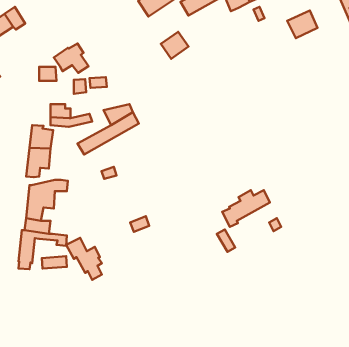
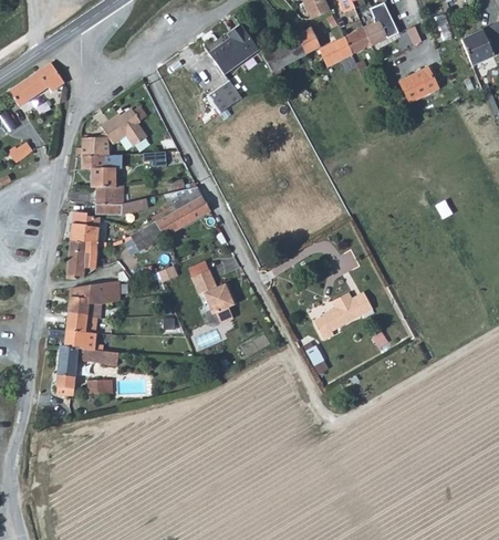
building: [161,32,189,59] -> [204,80,239,114]
building: none -> [81,155,116,186]
building: [66,238,102,280] -> [189,277,235,330]

